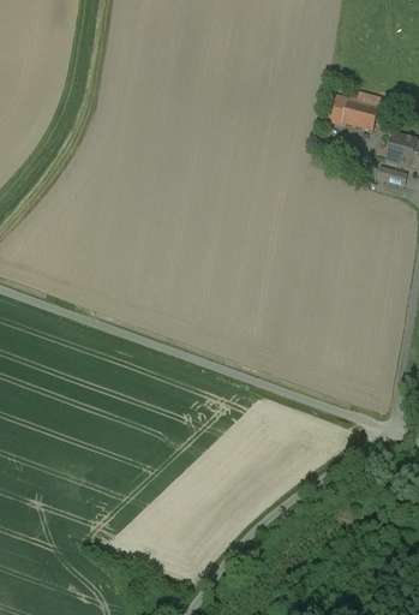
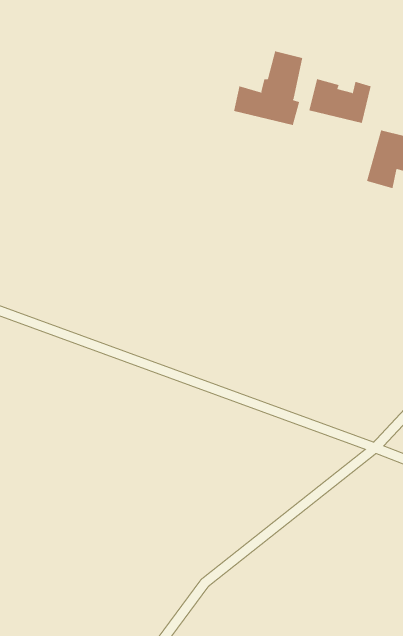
building: none -> [233,50,303,126]

